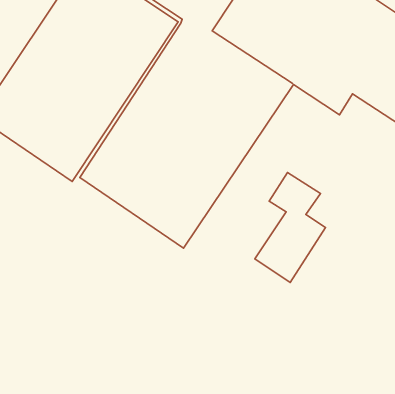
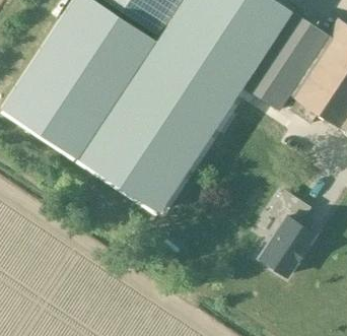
building: [255,173,326,283] -> [260,191,315,276]

